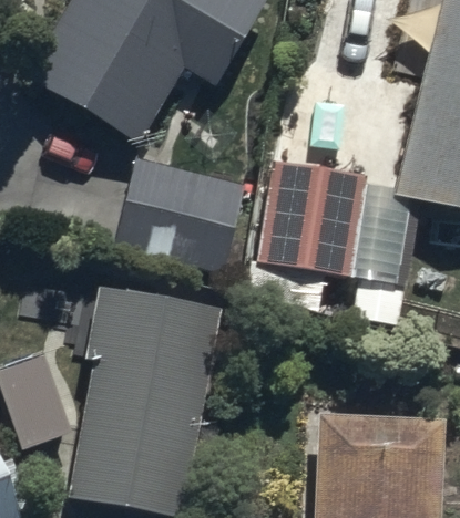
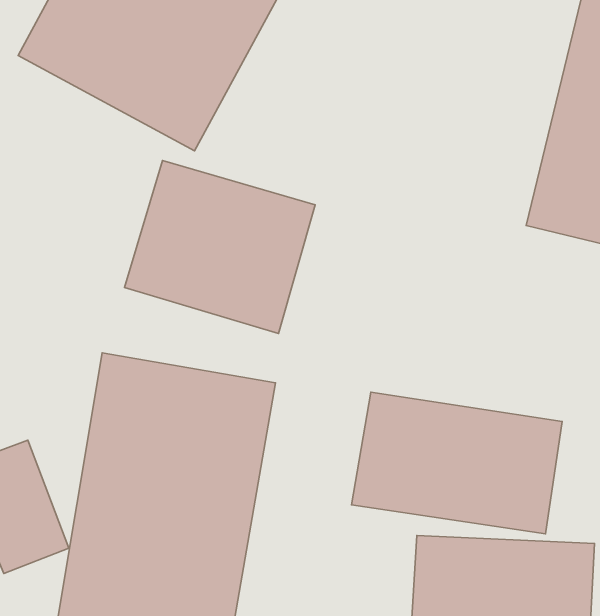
building: [256,155,368,305] -> none
building: none -> [352,392,562,534]

